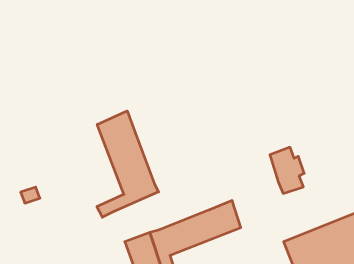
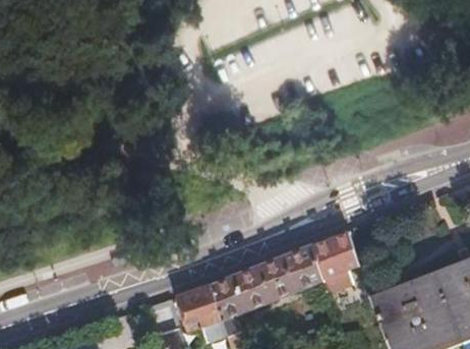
building: [97,111,159,217] -> none
building: [270,147,304,193] -> [309,238,351,294]

